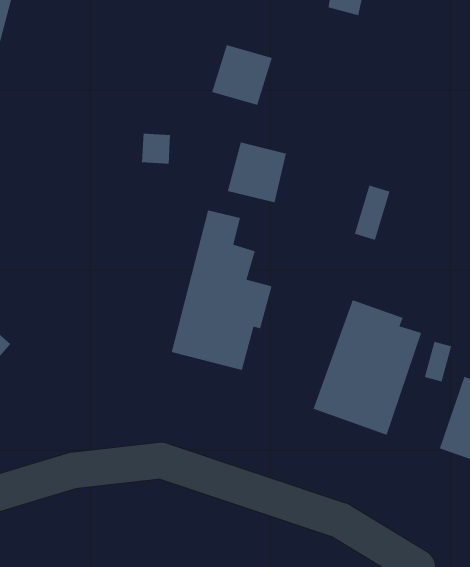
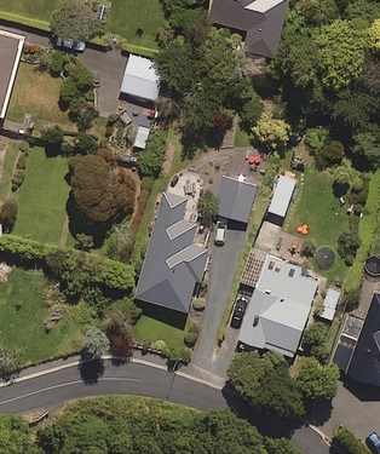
building: [211,44,273,106] -> [120,54,165,99]
building: [227,141,287,203] -> [212,177,255,222]

